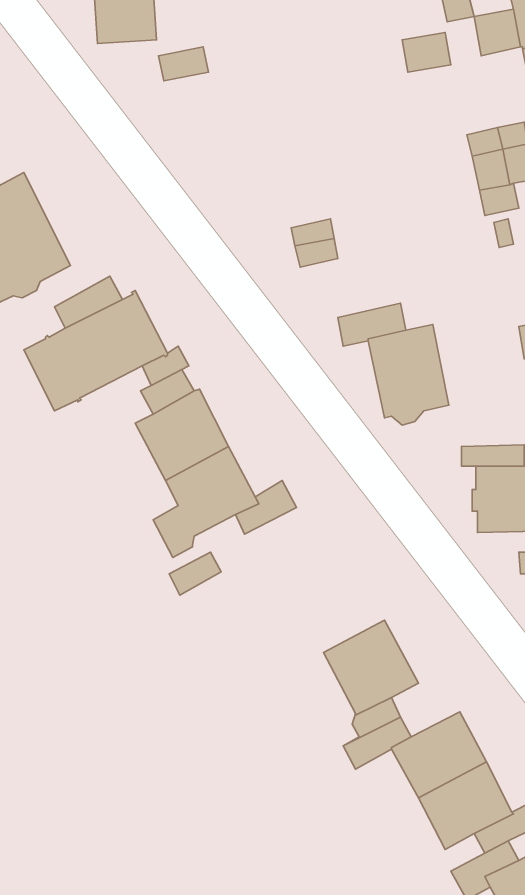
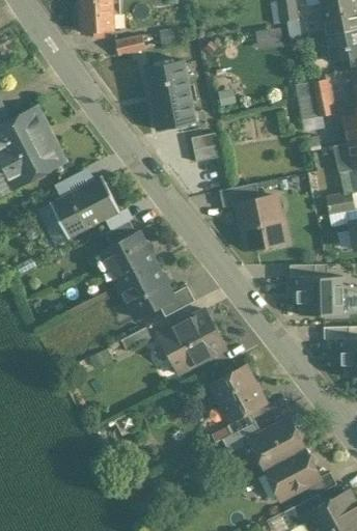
building: none -> [144,59,195,129]
building: none -> [158,309,226,373]

